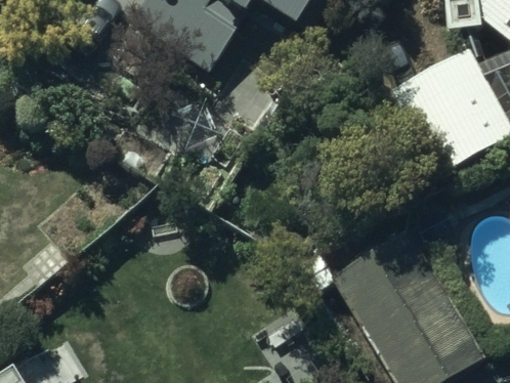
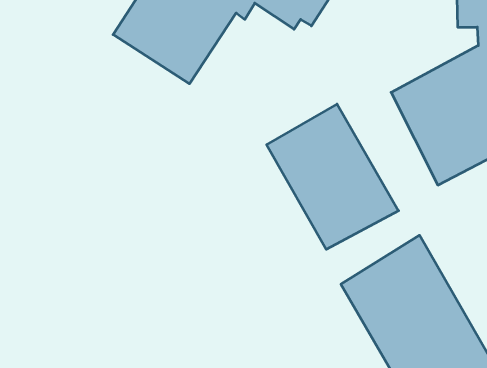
building: none -> [267,104,399,249]

